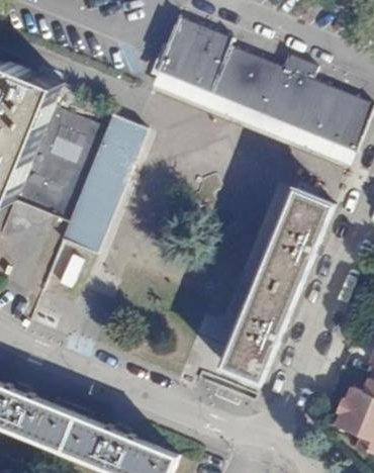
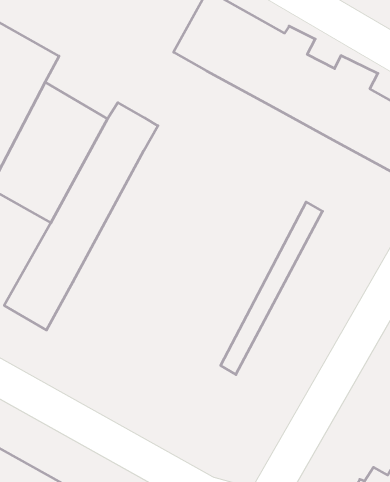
building: [221,190,335,382] -> none

